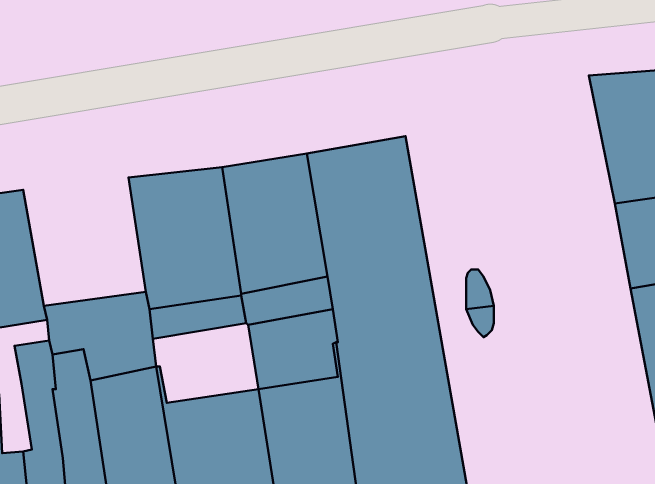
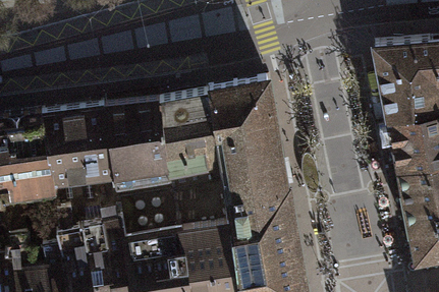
building: none -> [43,111,115,186]
building: none -> [119,196,181,243]

